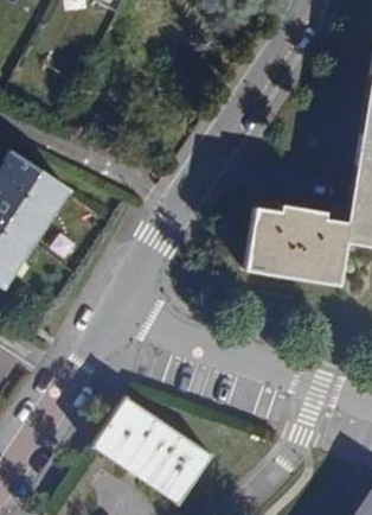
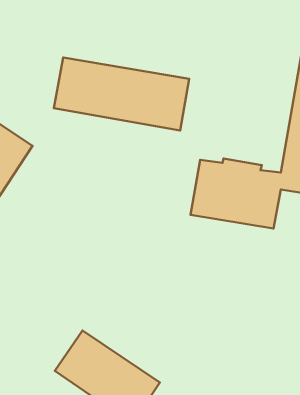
building: none -> [54,58,189,130]

